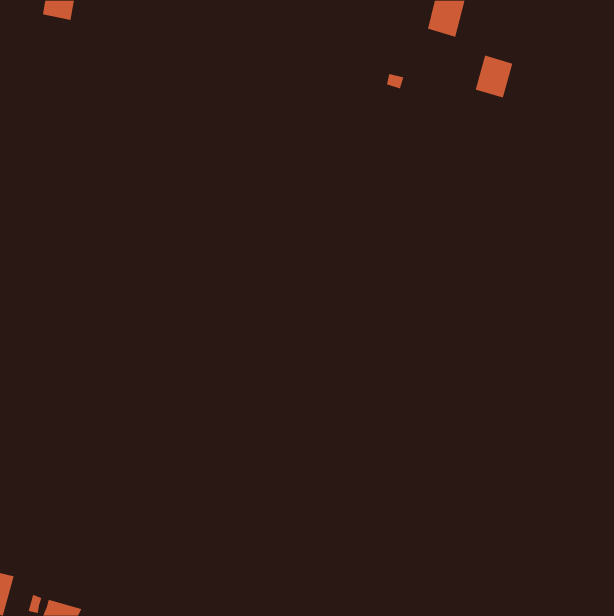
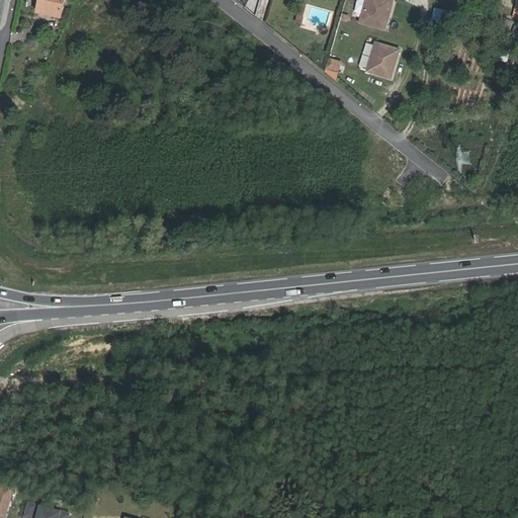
building: [475,55,513,98] -> [365,45,398,81]

